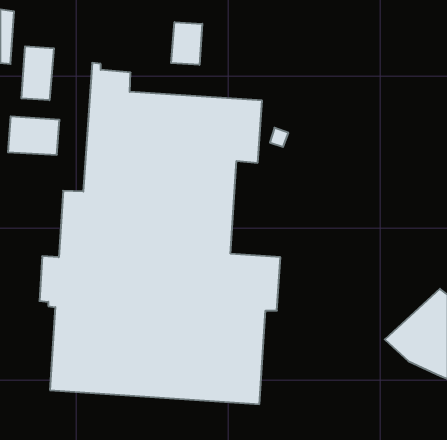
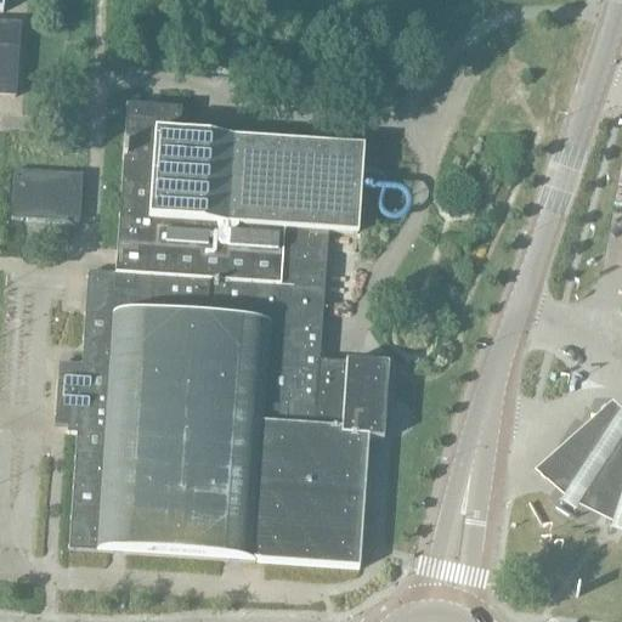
building: [171,22,202,65] -> none
building: [21,46,54,100] -> none

